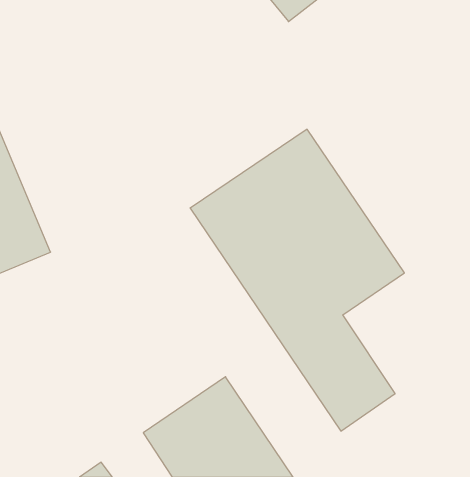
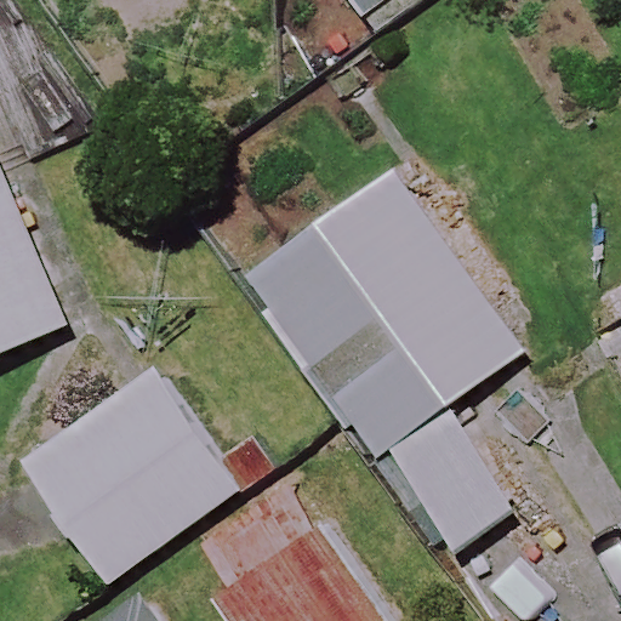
building: none -> [17,366,240,585]

